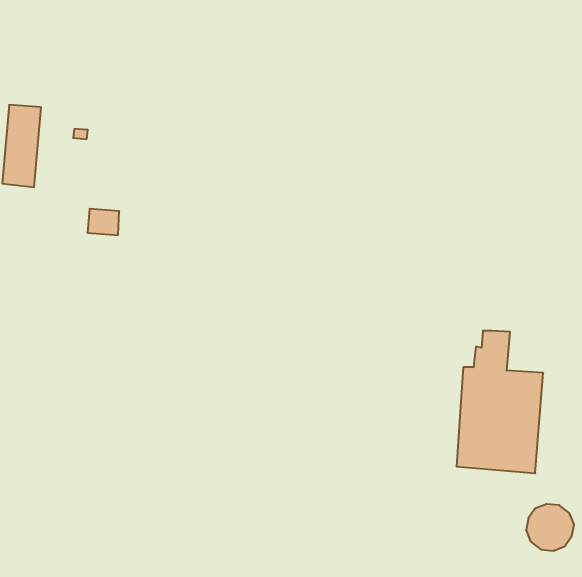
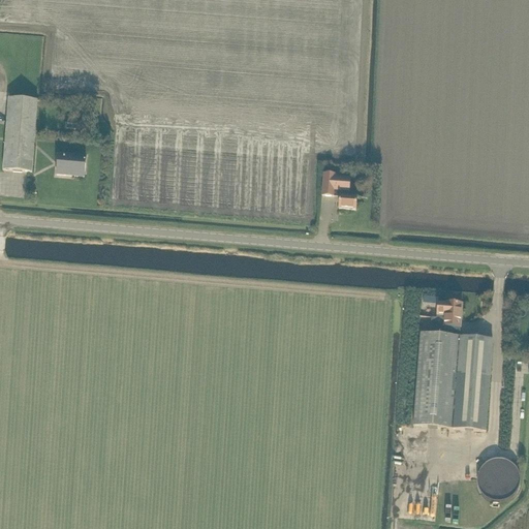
building: none -> [321,170,356,207]
building: [87,209,119,235] -> [56,150,85,174]

